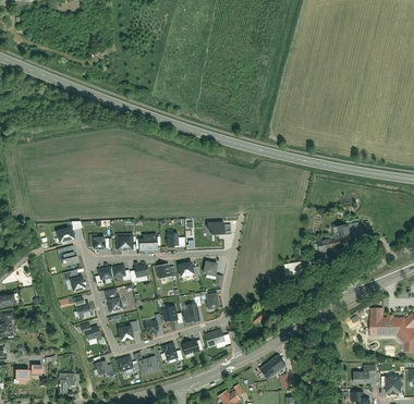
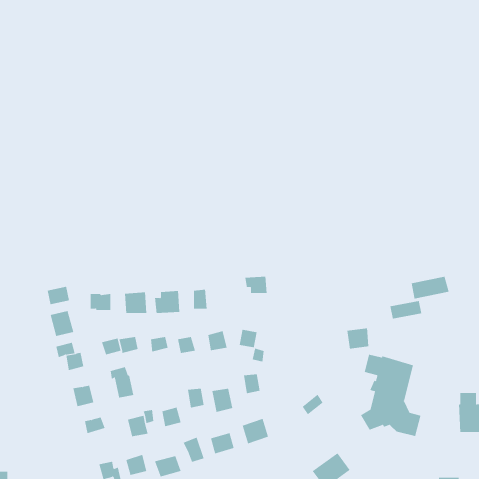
building: none -> [360,354,421,437]

